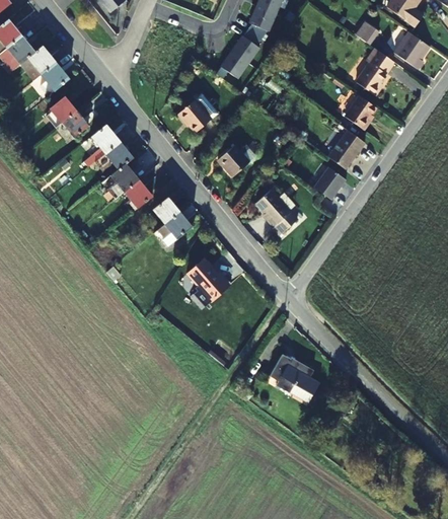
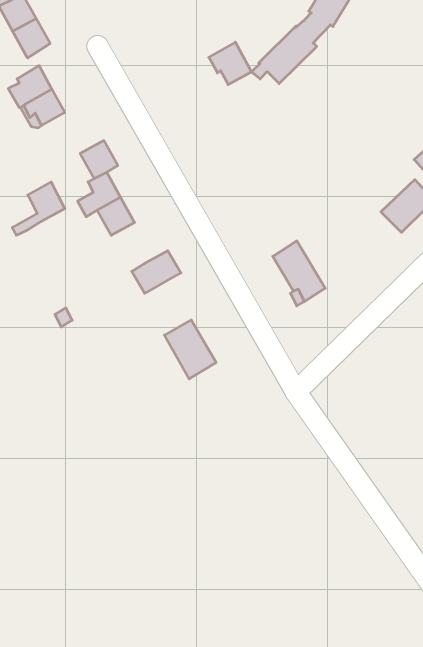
building: [175,98,208,130] -> [209,42,251,85]
building: [84,124,120,166] -> [12,182,65,235]
building: [218,145,249,176] -> none
building: [313,167,346,201] -> none
building: [153,197,179,224] -> none
building: [271,355,318,395] -> none

